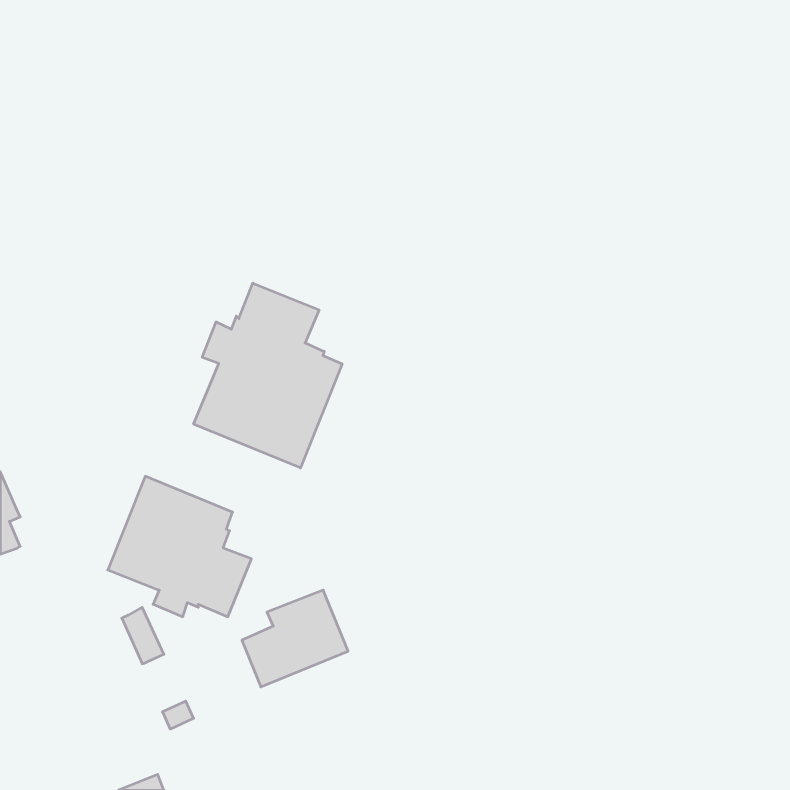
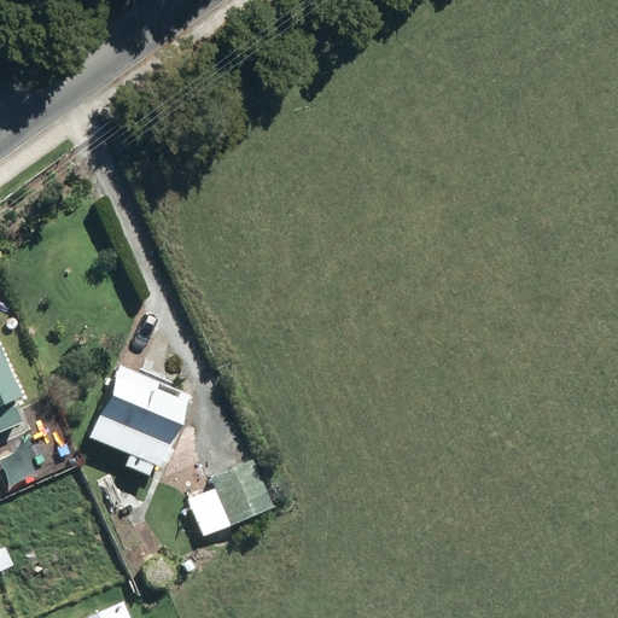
building: [194,283,342,468] -> none

